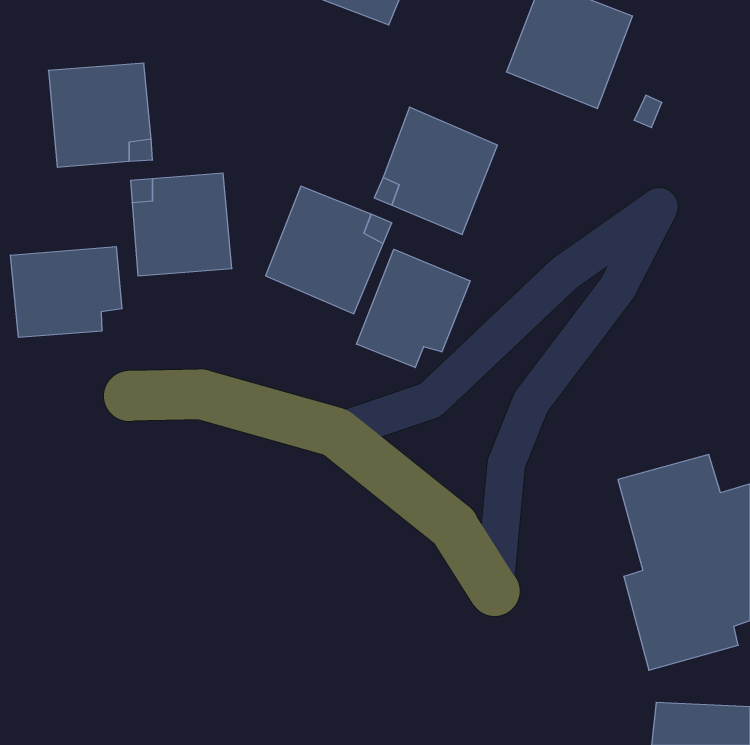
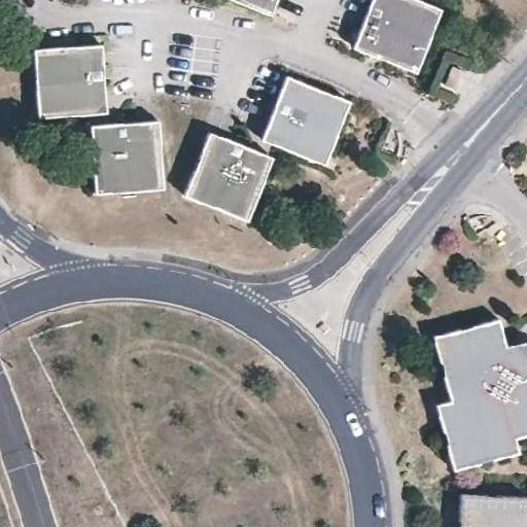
building: [10,247,122,337] -> none
building: [356,249,470,368] -> none

